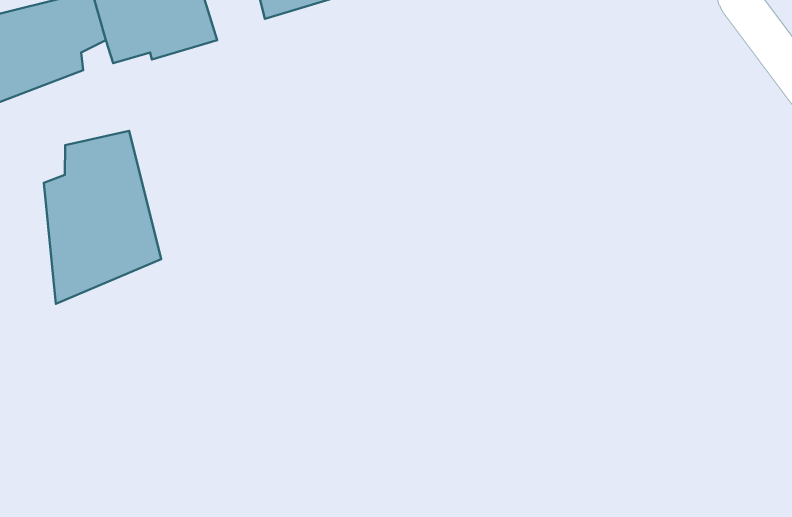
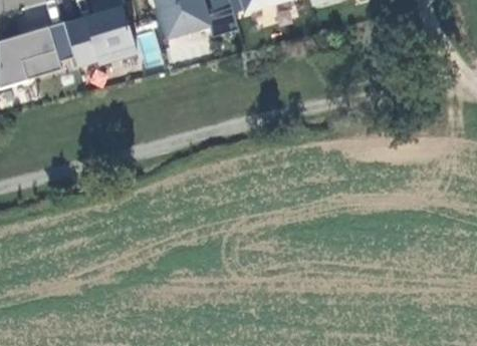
building: [44,131,161,304] -> none

